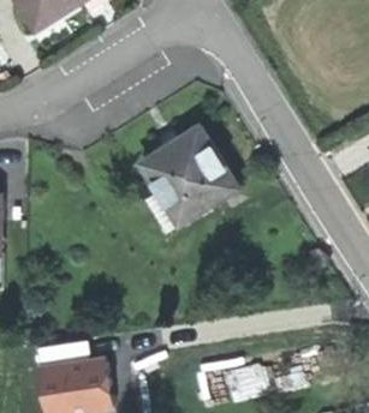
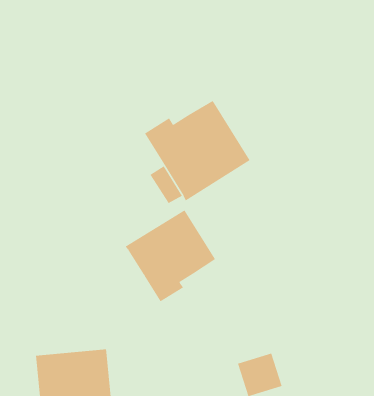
building: none -> [125,209,216,302]

